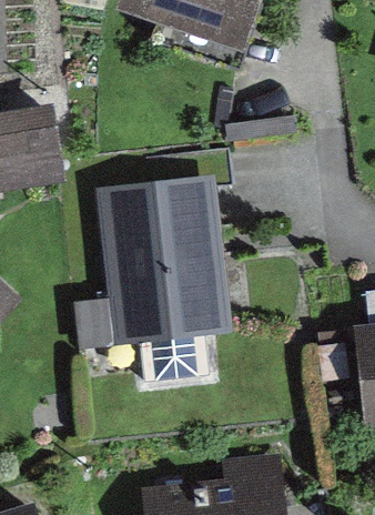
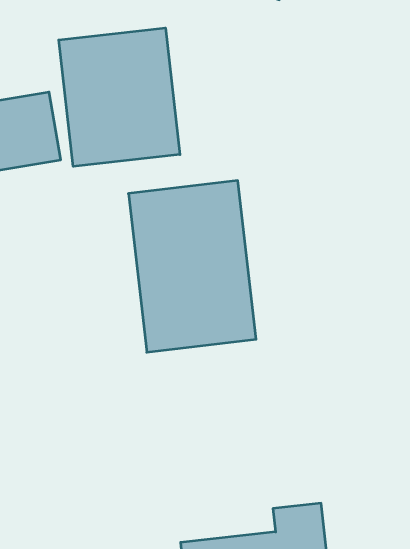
building: none -> [59,28,180,166]

